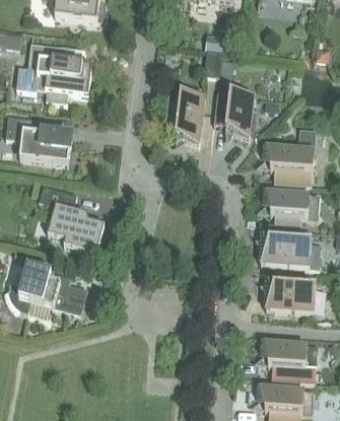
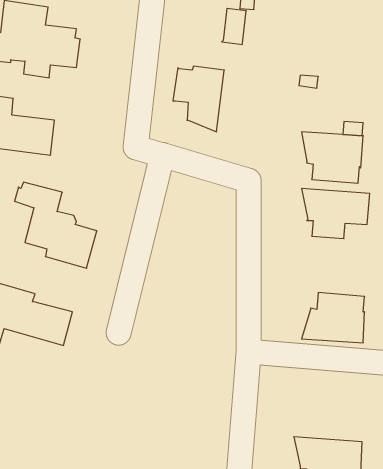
building: [213,91,254,138] -> none
building: [260,227,311,267] -> none
building: [263,341,317,381] -> none

